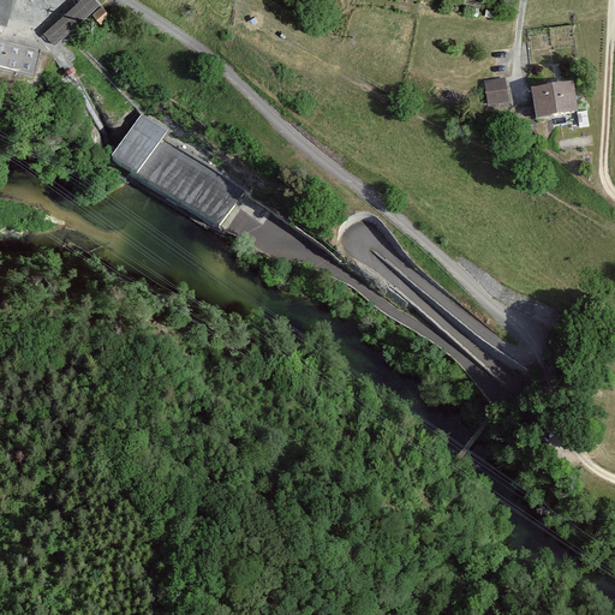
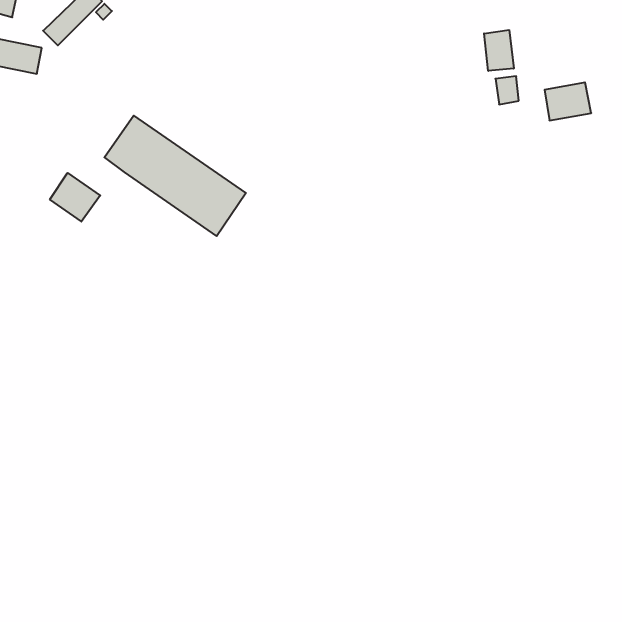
building: none -> [484,30,514,71]
building: none -> [50,173,100,222]

